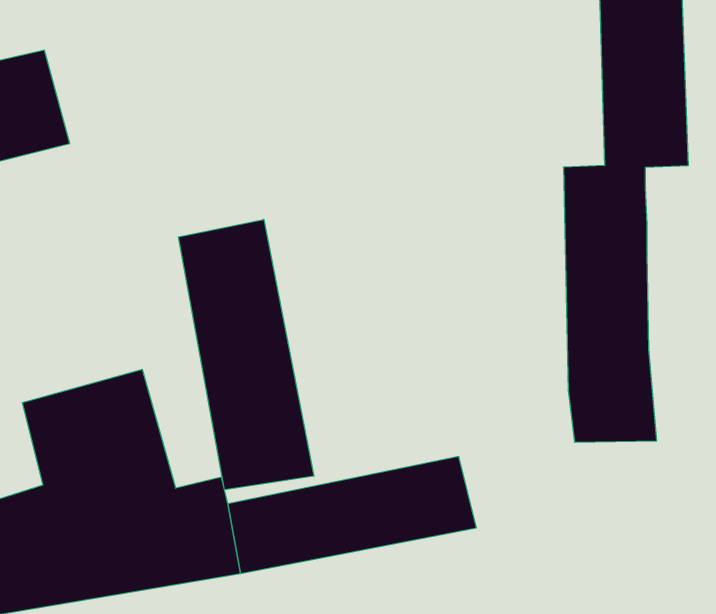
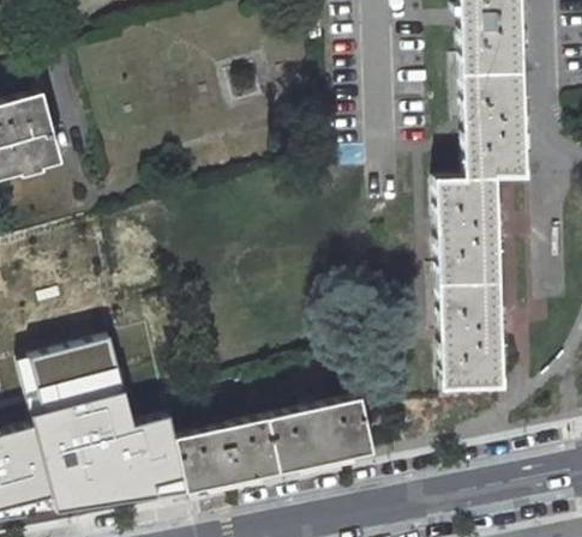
building: [178,219,314,490] -> none

